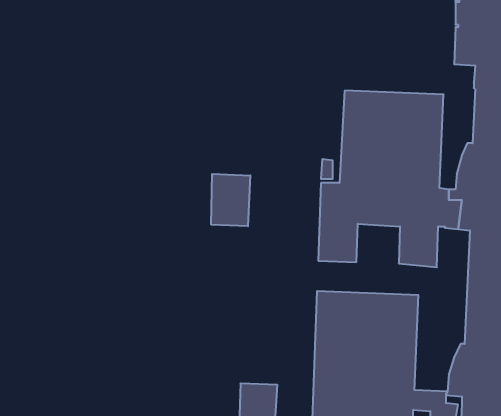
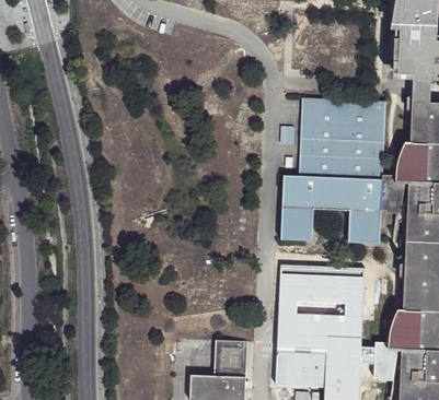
building: [211,174,250,226] -> none

